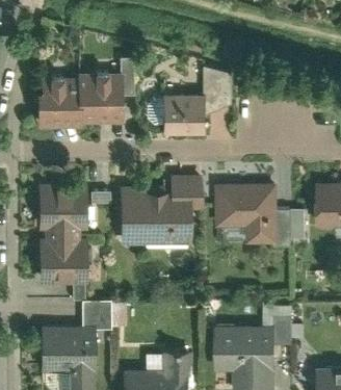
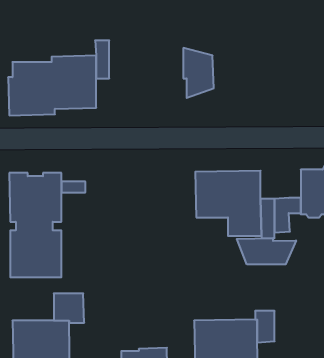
building: [161,95,207,134] -> none
building: [117,174,201,245] -> none
building: none -> [237,238,296,264]

